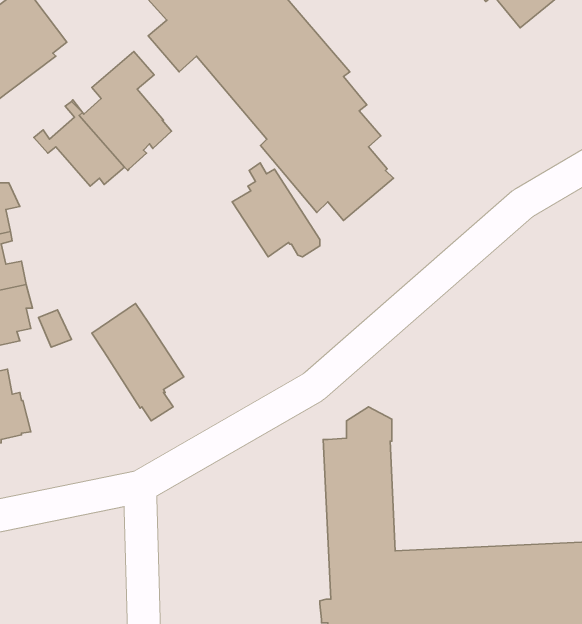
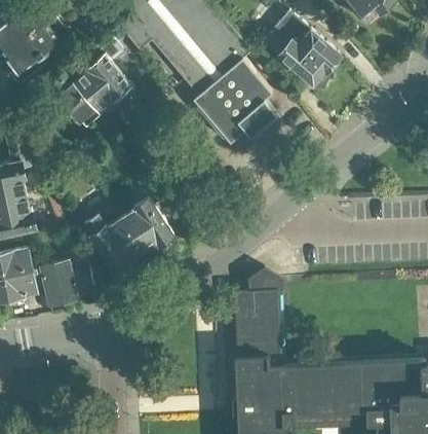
building: none -> [264,13,339,87]
building: [232,163,320,257] -> [119,191,177,253]
building: none -> [37,247,101,304]

